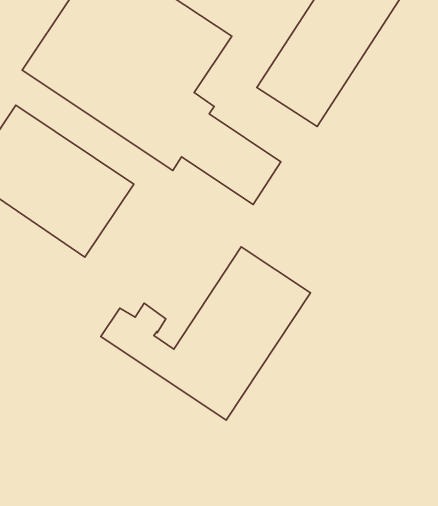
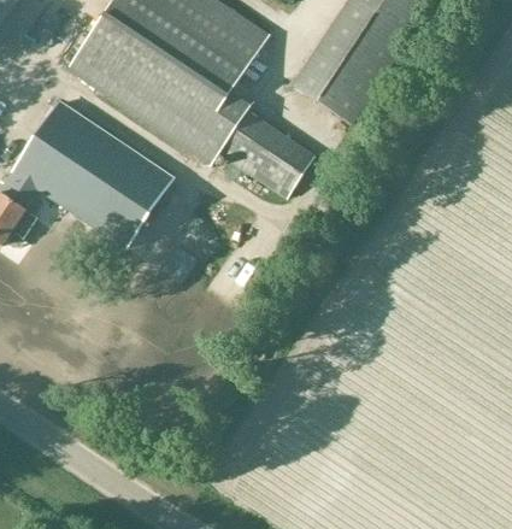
building: [101,247,311,420] -> none

